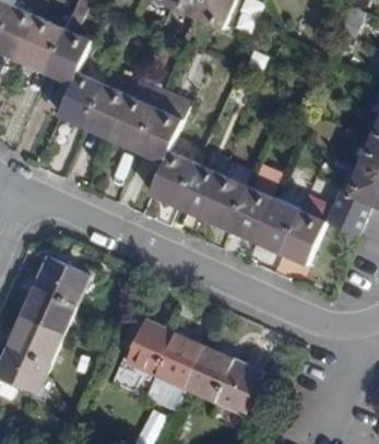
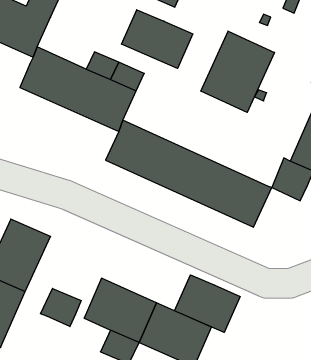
building: none -> [122,10,193,68]
building: none -> [201,31,274,112]
building: none -> [175,275,240,332]
building: none -> [41,288,81,327]

